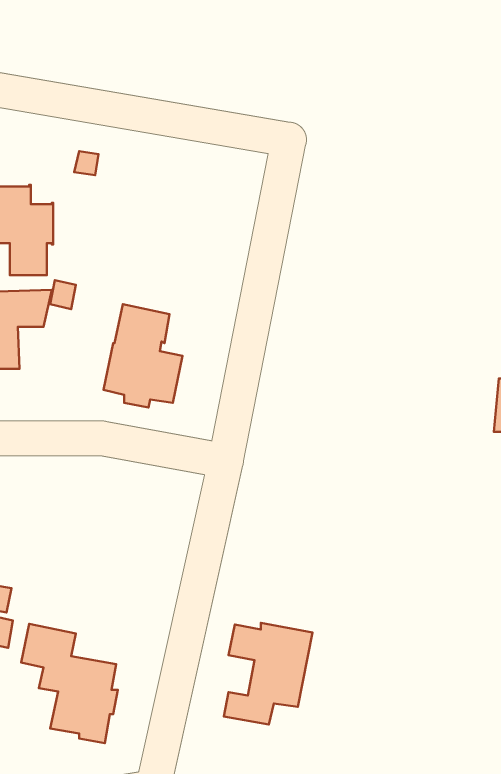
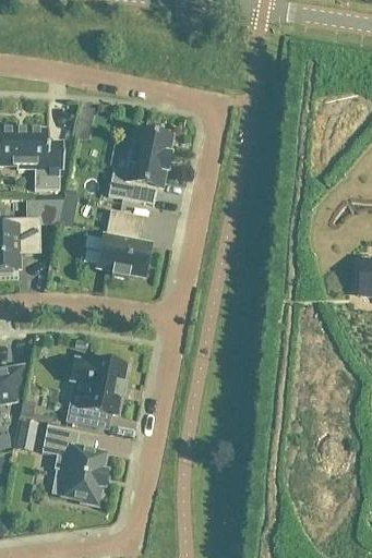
building: none -> [108,126,171,203]
building: [224,623,312,725] -> [67,357,127,426]

